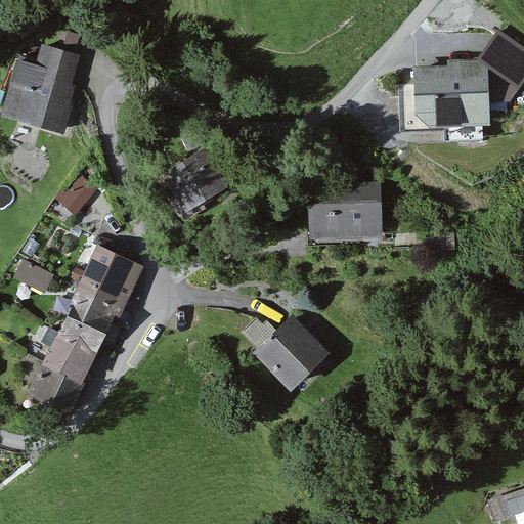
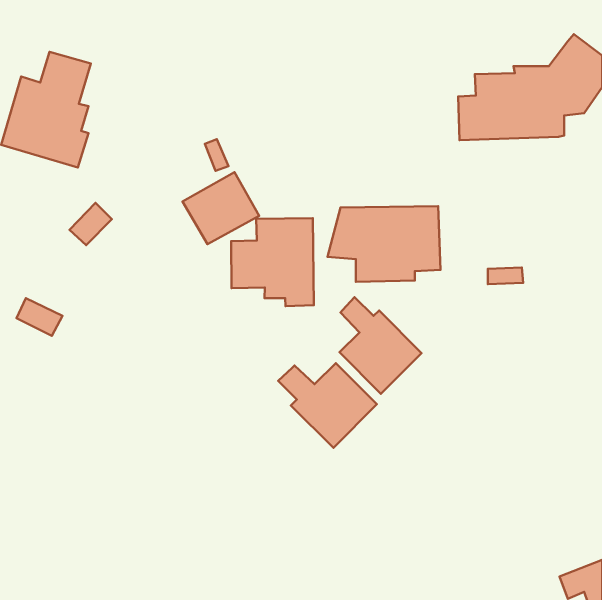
building: none -> [231,218,314,306]
building: [28,242,146,411] -> none
building: none -> [340,297,422,394]

